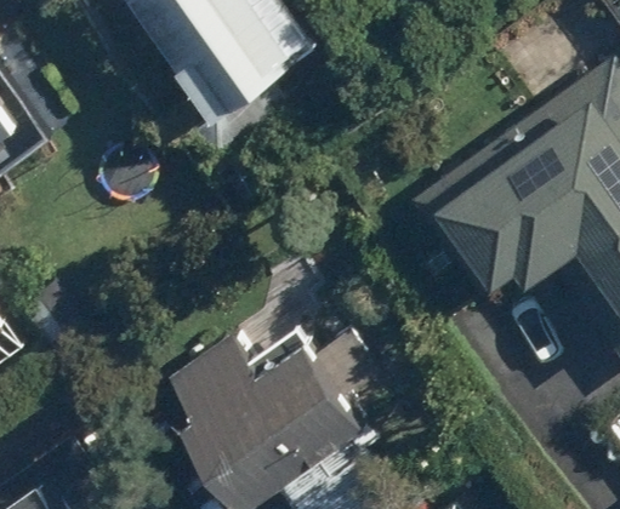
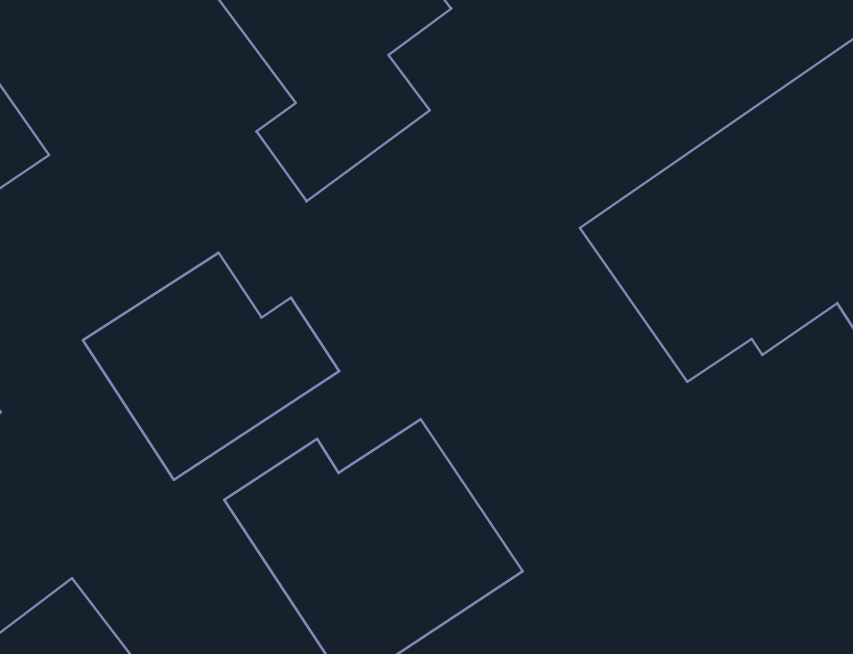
building: none -> [83,253,339,480]

